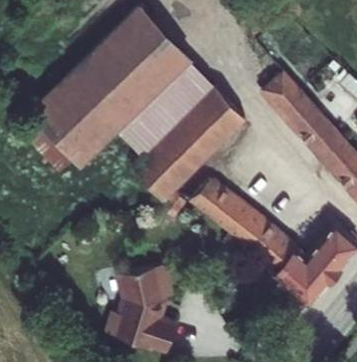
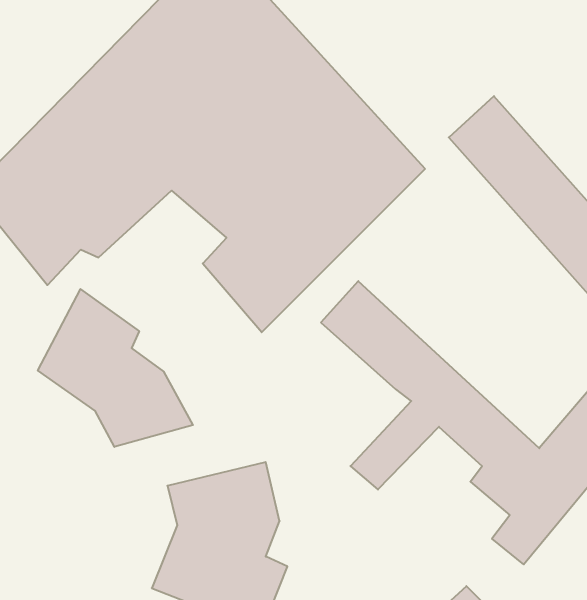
building: none -> [38,289,193,447]

